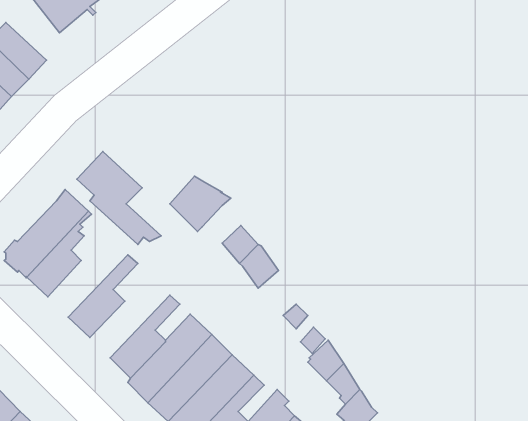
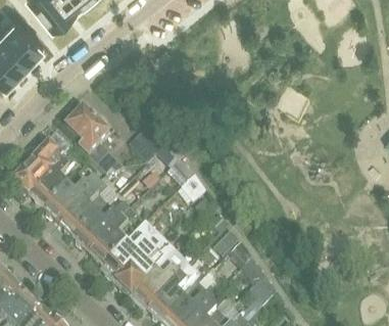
building: none -> [47,175,103,227]
building: none -> [77,203,133,255]

